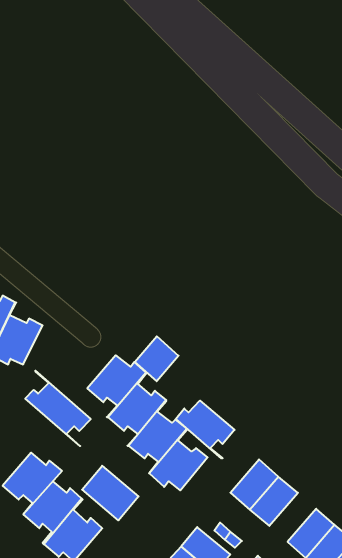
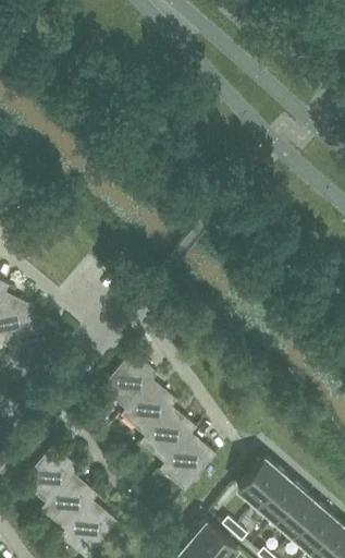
building: [135,336,179,381] -> none
building: [25,371,91,446] -> none
building: [176,401,235,458] -> none
building: [82,466,139,520] -> none
building: none -> [273,489,318,536]

